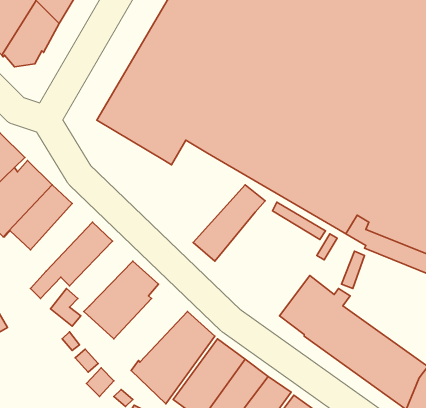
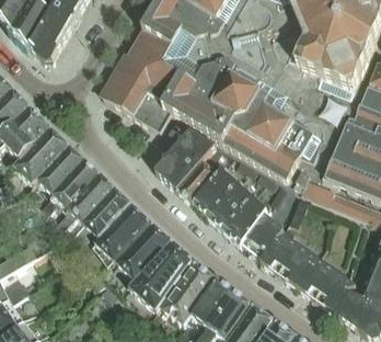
building: none -> [154,127,215,187]
building: none -> [41,158,99,212]
building: none -> [192,164,267,244]
building: none -> [81,186,129,236]
building: none -> [115,223,171,278]

